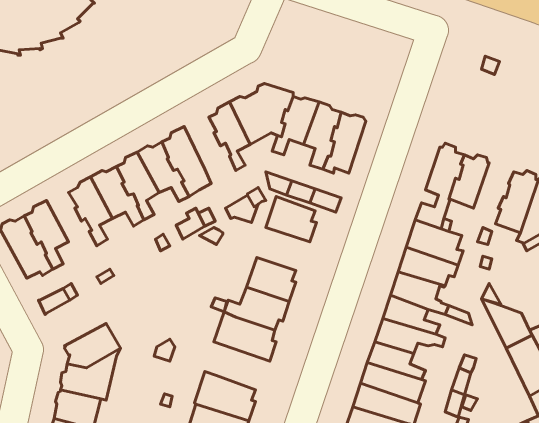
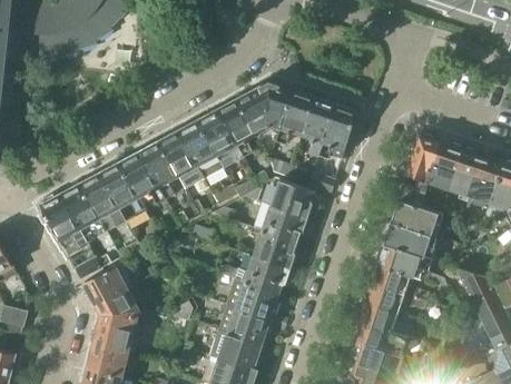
building: none -> [199,112,244,164]
building: none -> [448,149,482,204]
building: none -> [81,177,125,232]
building: none -> [262,207,307,244]
building: none -> [83,265,132,308]
building: none -> [217,305,273,346]

